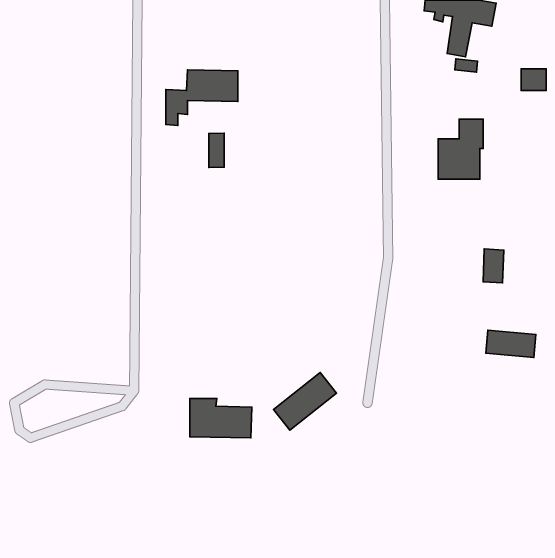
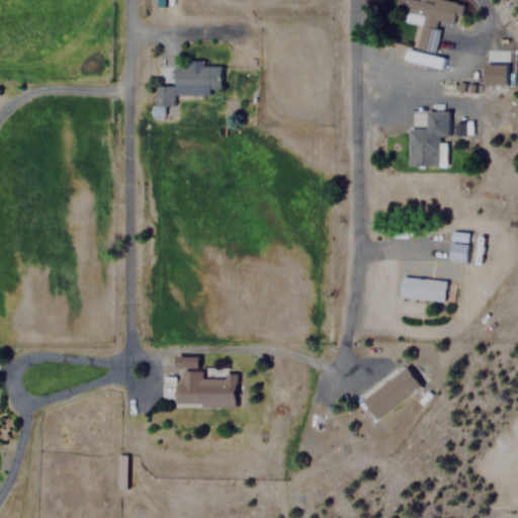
building: [209,133,224,168] -> none
building: [486,330,536,357] -> [401,276,447,301]
building: [273,372,337,430] -> [363,366,422,420]

